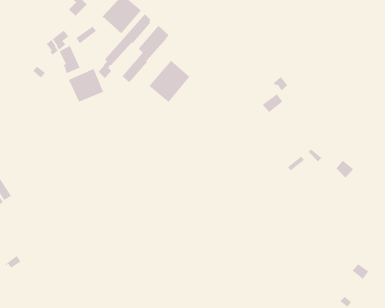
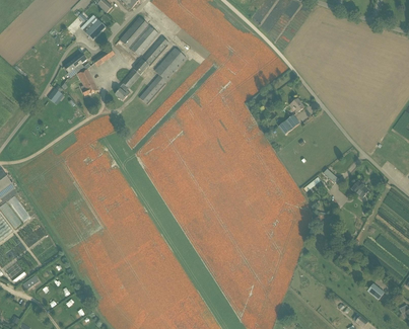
building: [149,60,190,103] -> none
building: [68,68,104,103] -> none

